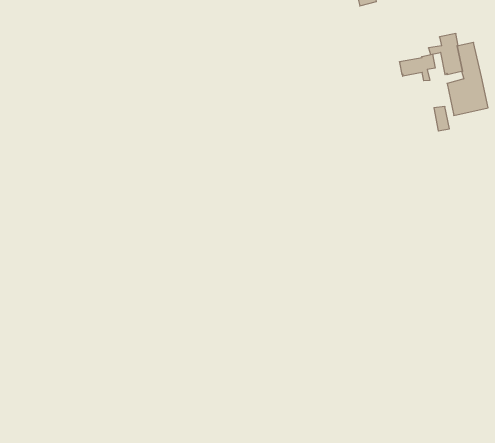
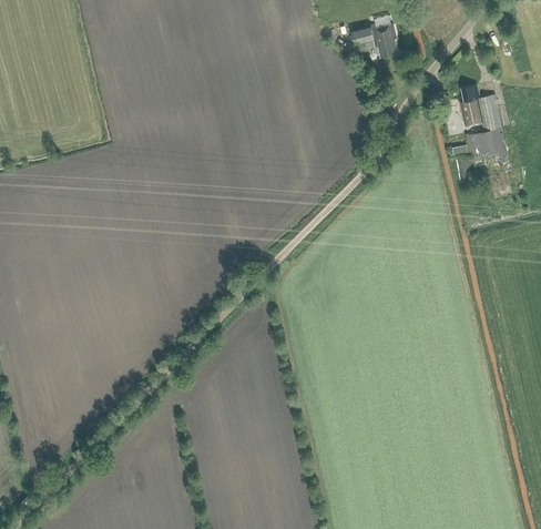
building: [400,54,435,81] -> none

